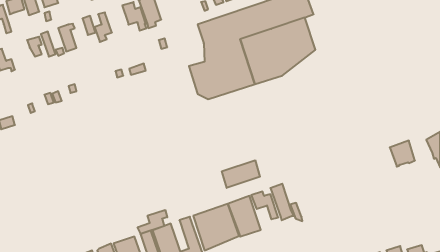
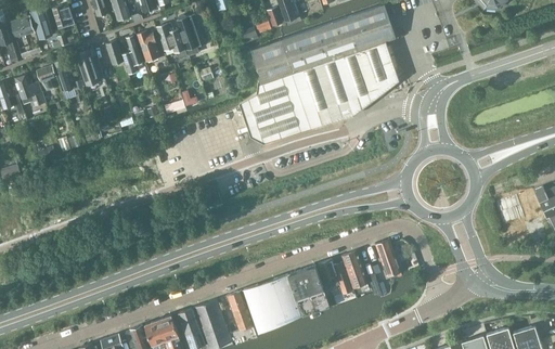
building: none -> [134,30,159,61]
building: none -> [14,74,44,105]
building: [222,160,260,188] -> none
building: none -> [374,238,400,276]
building: [138,210,167,234] -> none

